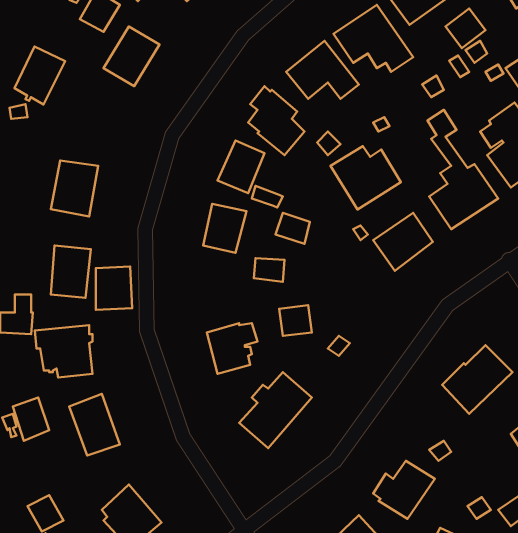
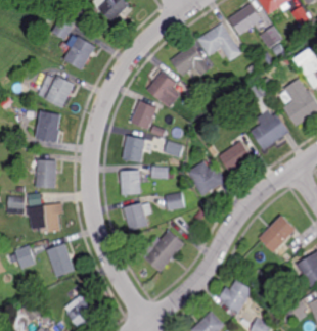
building: [15,47,65,104] -> [47,76,76,108]
building: [330,146,401,209] -> [185,161,225,197]
building: [96,267,132,310] -> [121,171,141,195]

